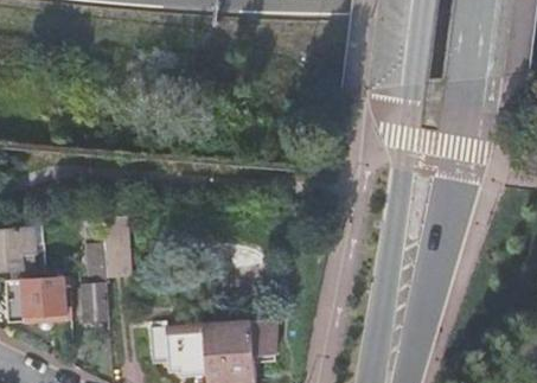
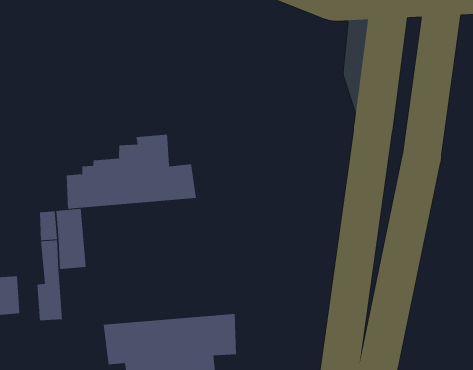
building: none -> [66,134,197,210]

